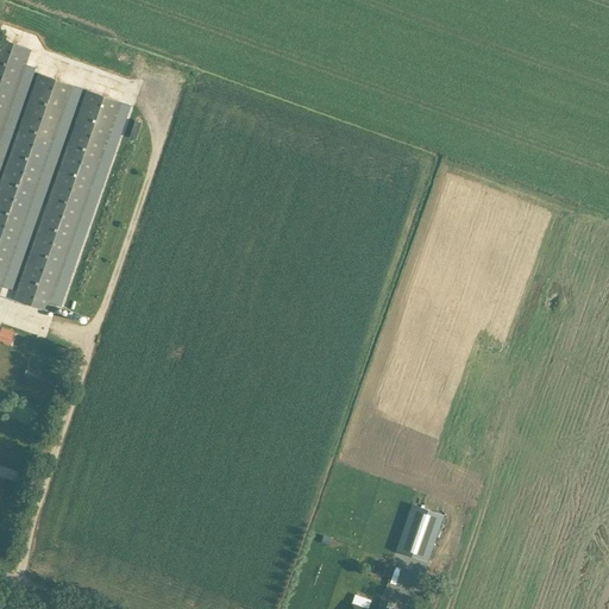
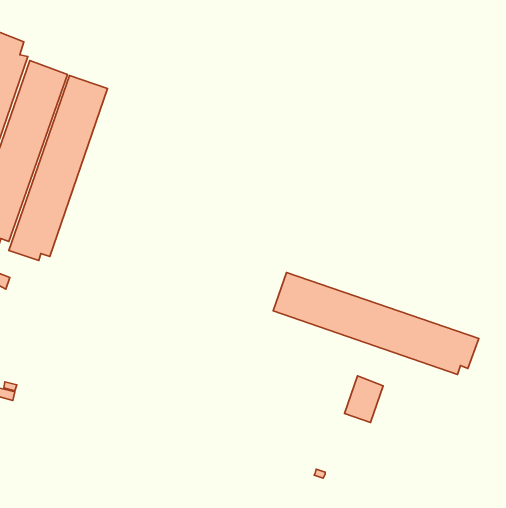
building: none -> [273,273,479,375]
building: [395,506,441,561] -> [345,376,383,422]

